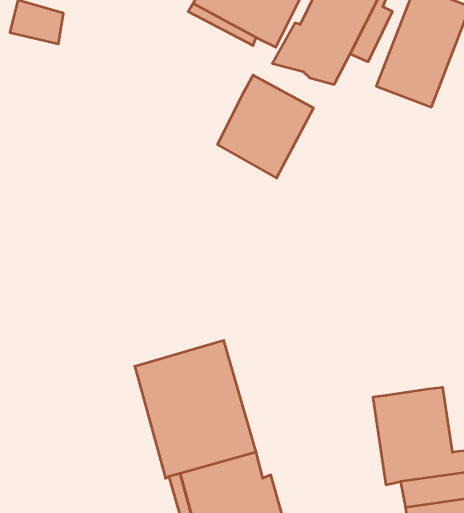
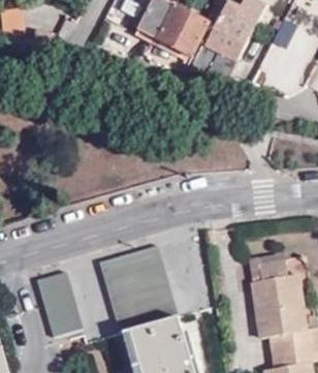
building: [218,75,313,178] -> none
building: none -> [249,252,287,280]
building: none -> [36,271,83,336]

